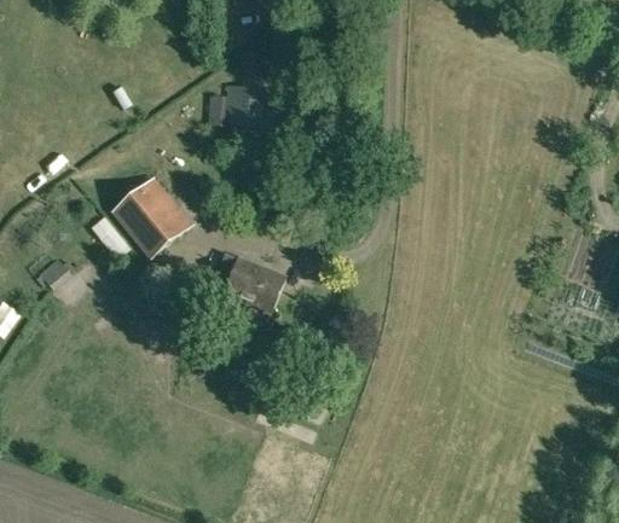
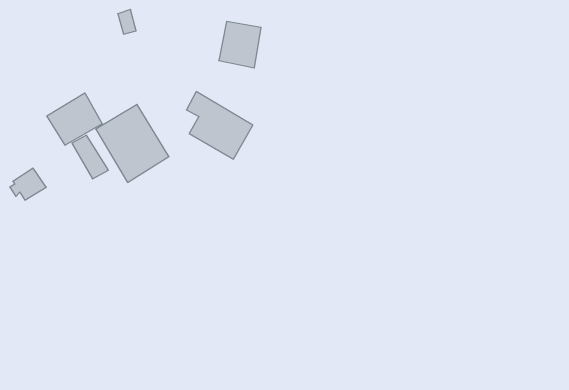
building: none -> [47,93,102,145]
building: [218,250,285,312] -> [186,92,253,159]

